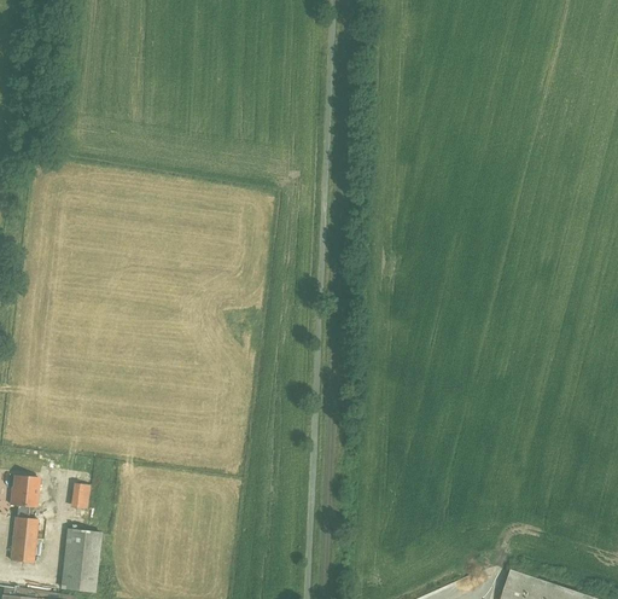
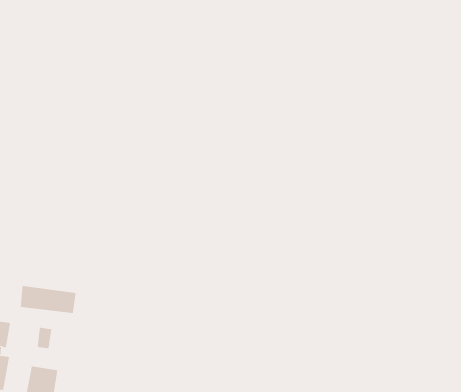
building: none -> [20,285,76,314]

